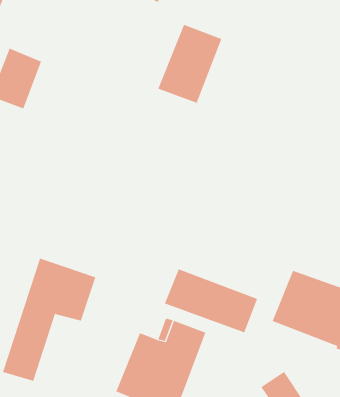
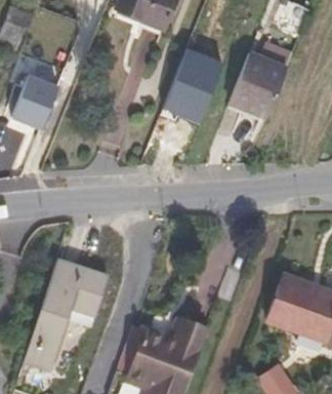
building: none -> [229,42,292,118]
building: [164,268,258,333] -> none

